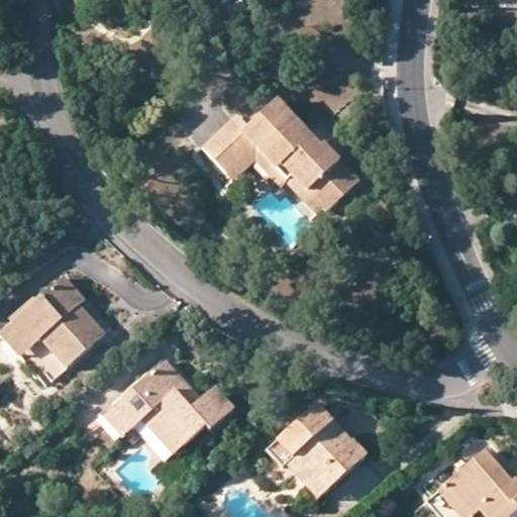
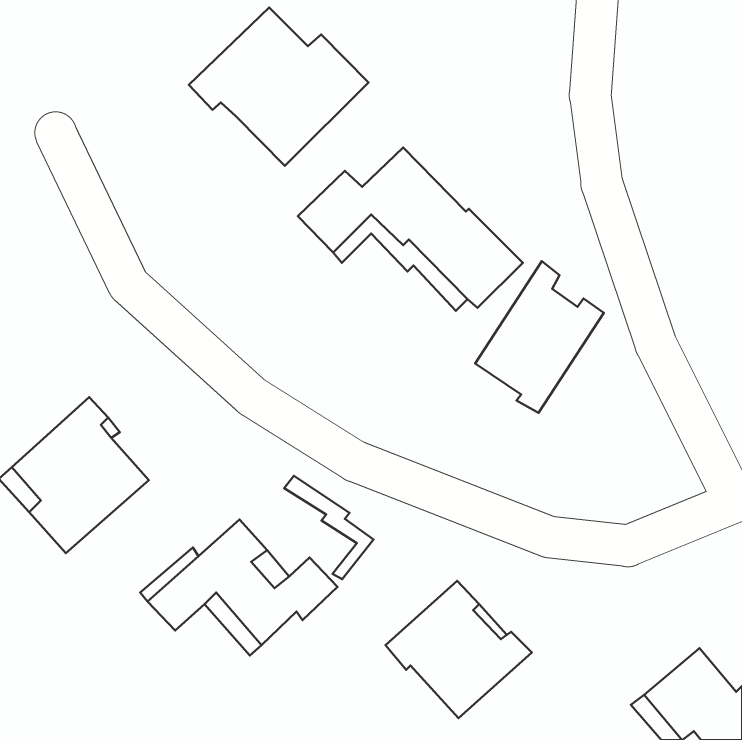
building: none -> [189,8,368,166]
building: none -> [475,261,604,413]
building: none -> [284,476,373,579]

